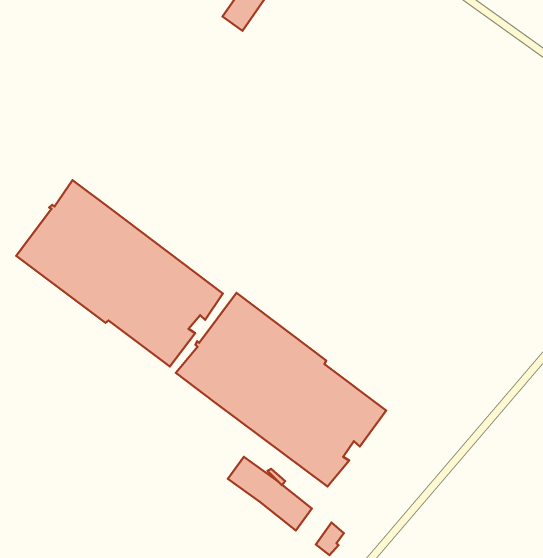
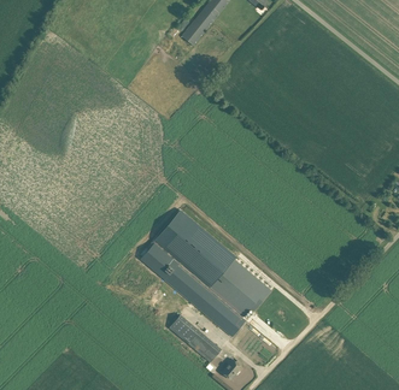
building: [16,180,223,367] -> none

